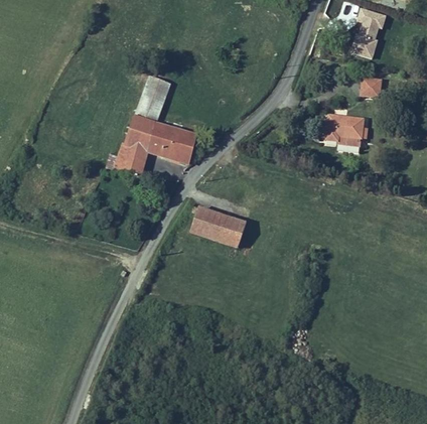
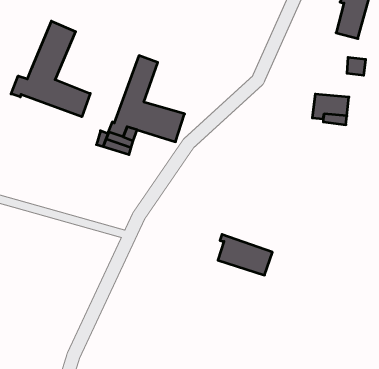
building: none -> [11,21,90,117]
building: [190,205,246,247] -> [218,234,272,275]

